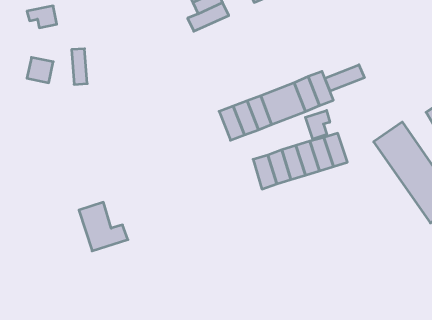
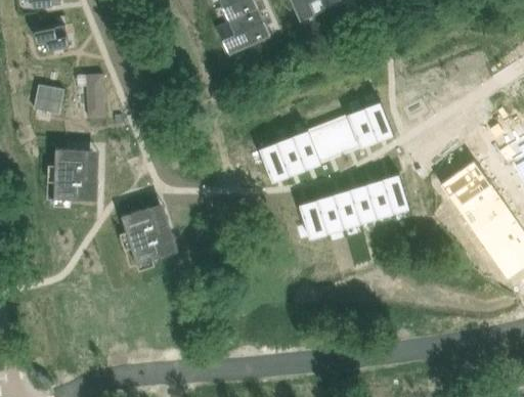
building: [325,65,364,91] -> none
building: [305,110,330,139] -> none
building: none -> [55,148,99,201]
building: [79,202,128,251] -> [122,207,179,264]

